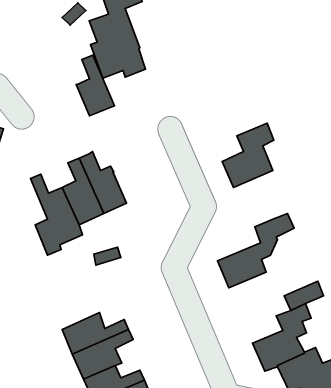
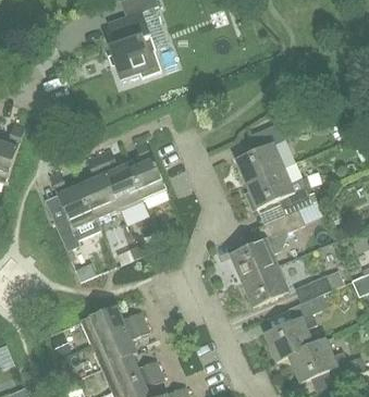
building: [76,55,114,116] -> [130,140,167,199]
building: none -> [246,168,313,214]
building: none -> [242,265,288,306]

